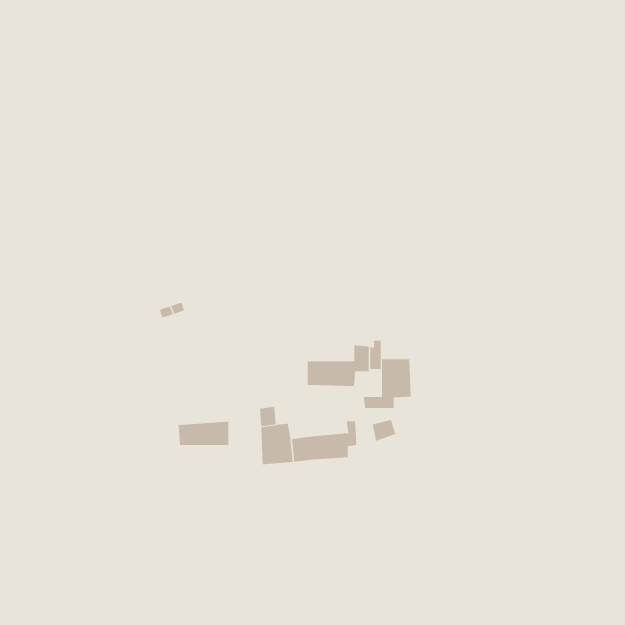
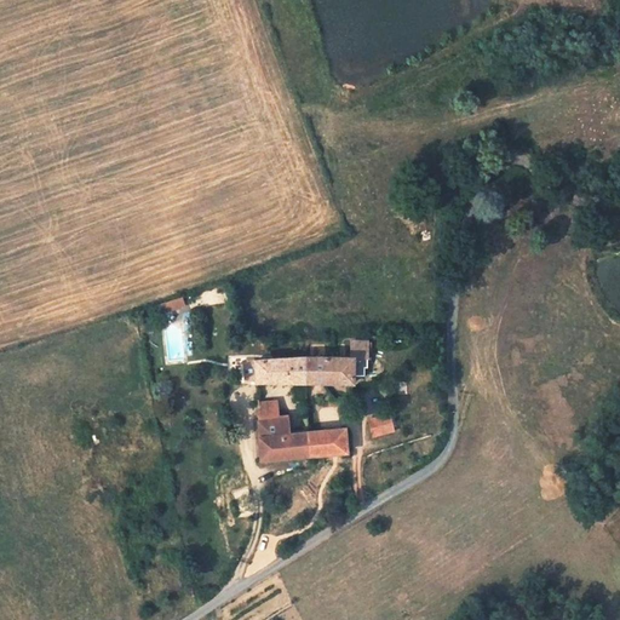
building: [363,359,411,409] -> none
building: [178,421,229,446] -> [253,357,304,381]

